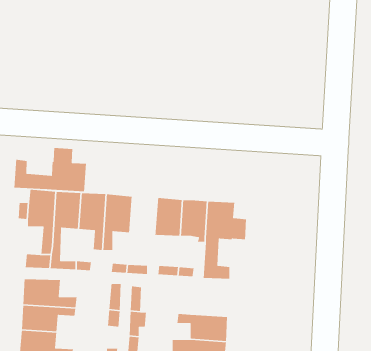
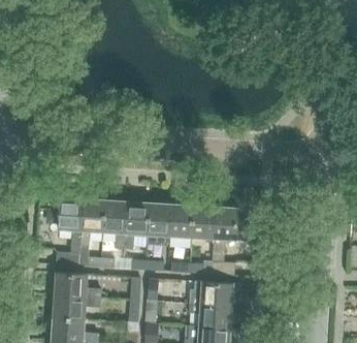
building: [13,147,87,192] -> none
building: none -> [148,202,171,245]
building: none -> [189,281,240,307]

